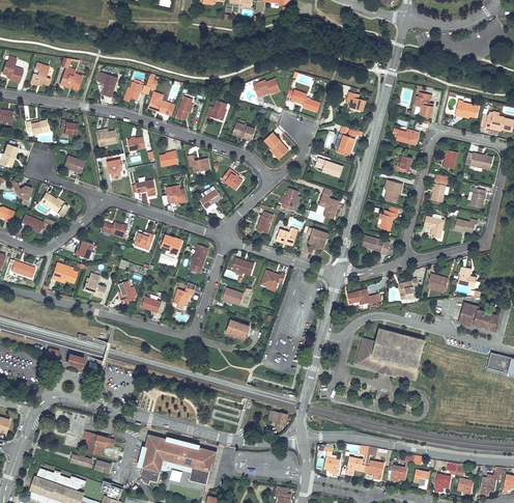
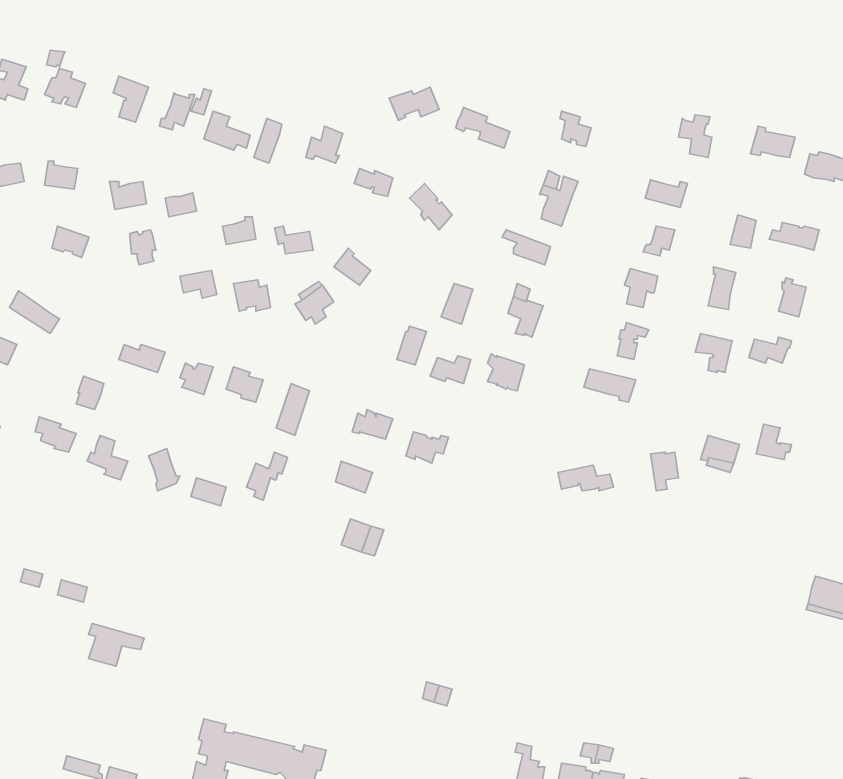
building: [458,304,497,331] -> none
building: [355,328,424,379] -> none
building: [83,429,114,453] -> [89,623,144,666]

